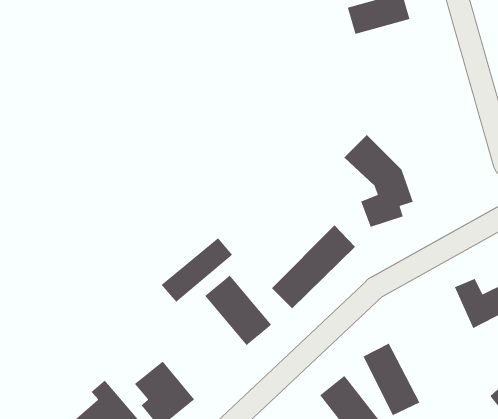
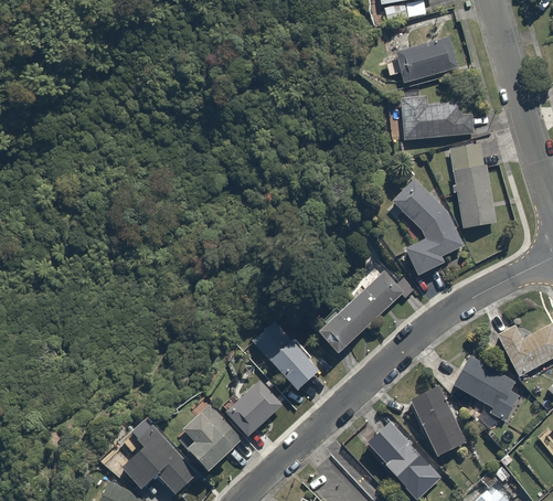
building: none -> [398,98,471,142]
building: none -> [449,142,494,228]
building: [161,237,233,303] -> none
building: none -> [454,356,520,424]
building: none -> [227,380,284,436]

